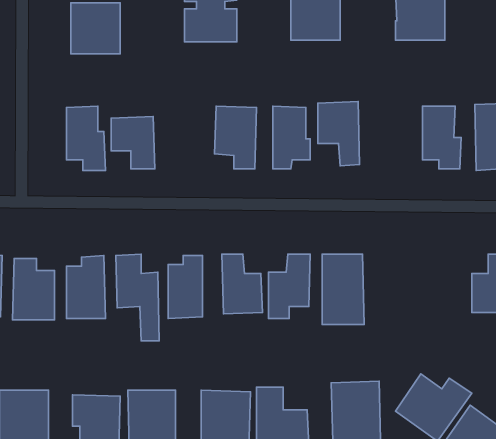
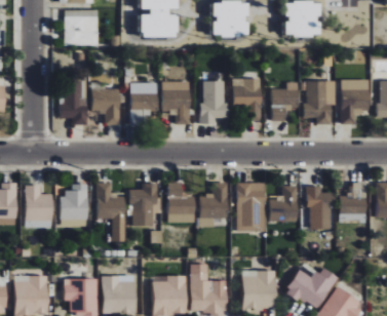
building: none -> [271,82,298,121]
building: none -> [130,92,157,122]
building: none -> [269,186,298,221]
building: none -> [308,186,333,230]

